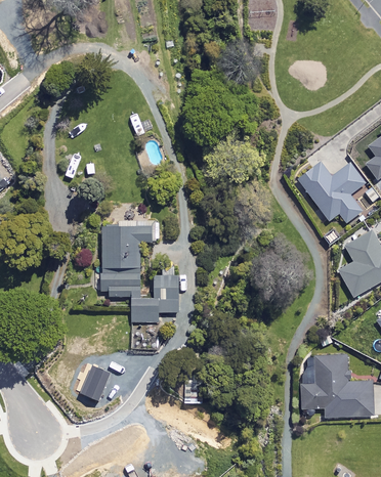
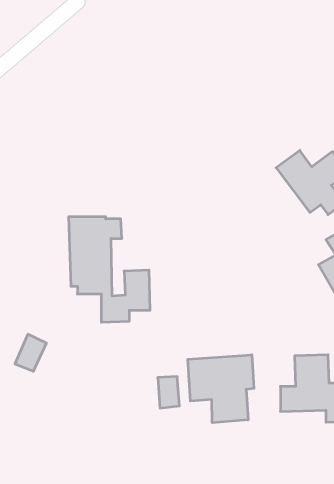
building: none -> [188,355,254,423]
building: [81,366,111,401] -> [15,334,46,371]

